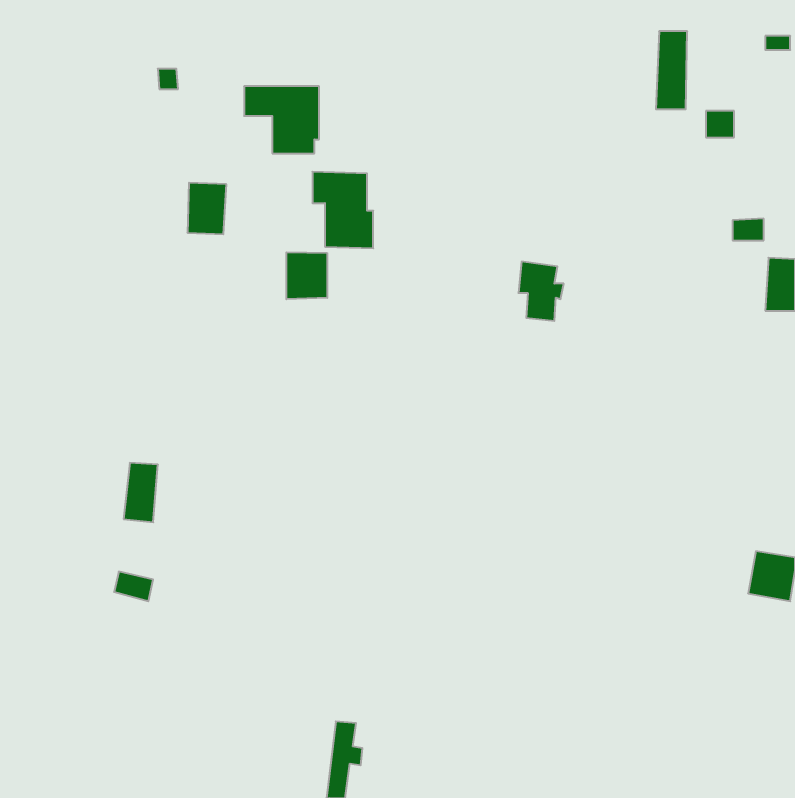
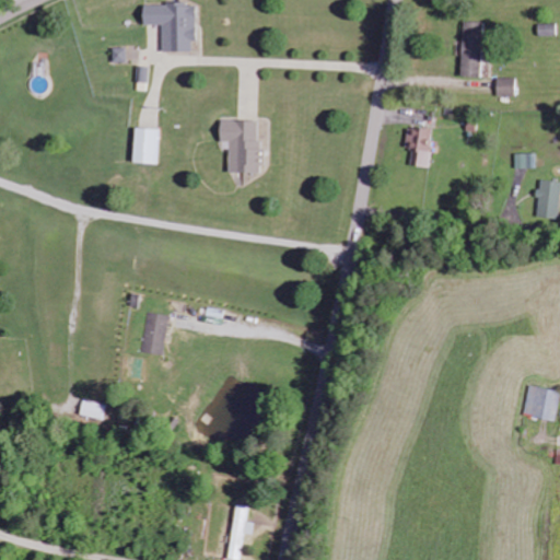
building: [244,86,319,153] -> [141,4,194,51]
building: [286,252,327,299] -> none
building: [518,262,564,321] -> [404,127,435,168]
building: [124,463,158,522] -> [143,314,167,355]

